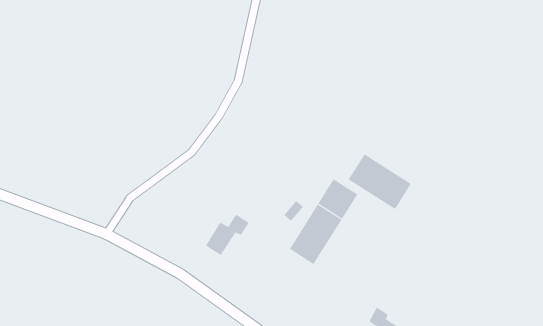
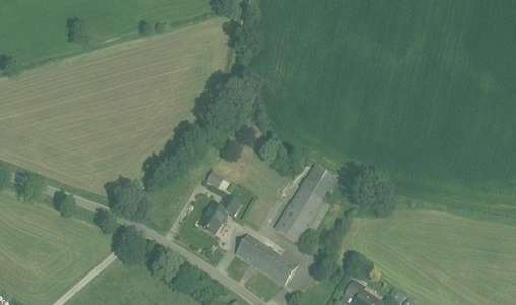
building: [348,153,412,210] -> none
building: none -> [235,234,297,285]

